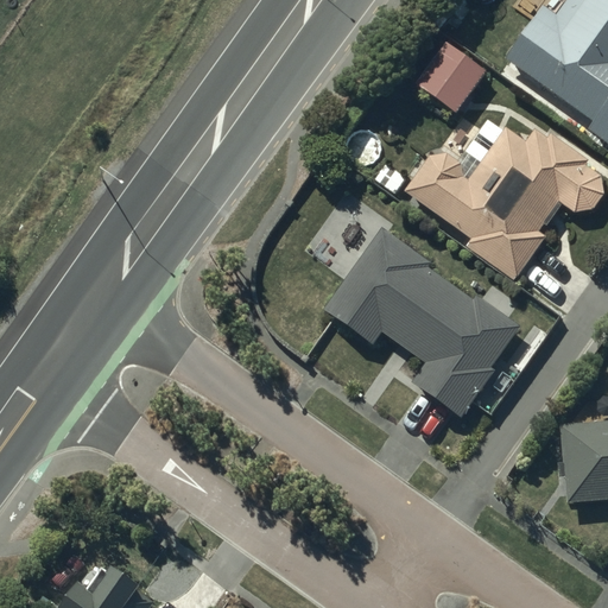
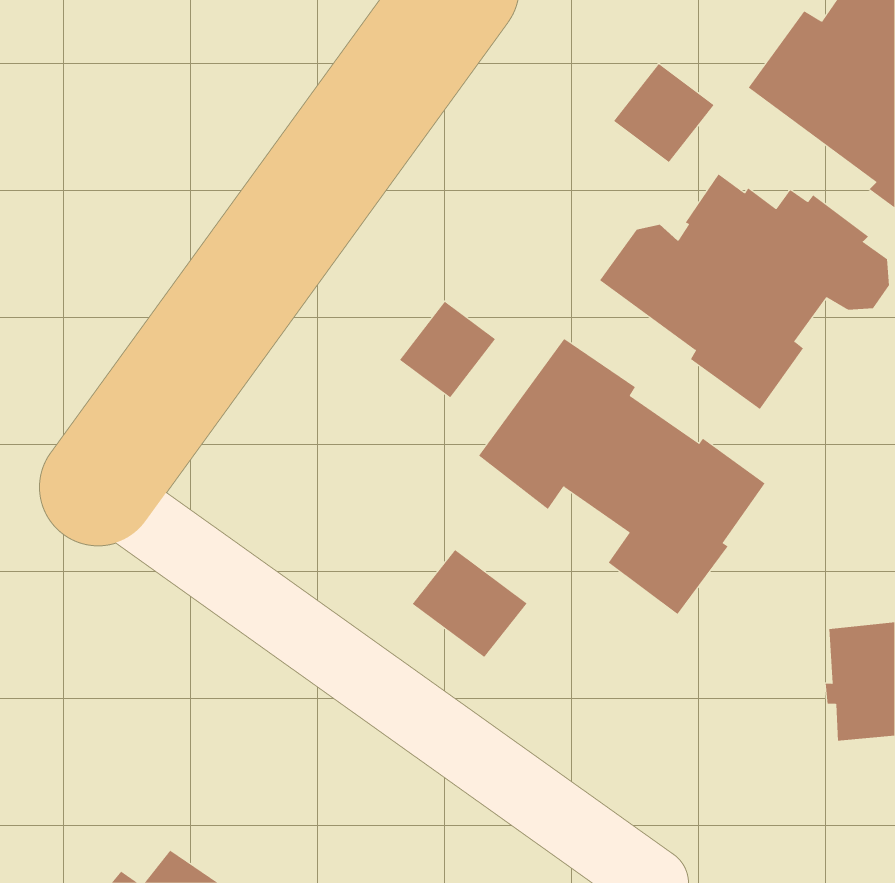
building: none -> [399,301,496,398]
building: none -> [412,549,527,658]

